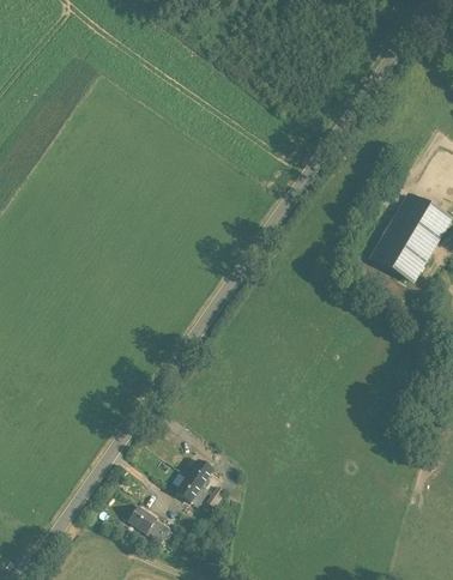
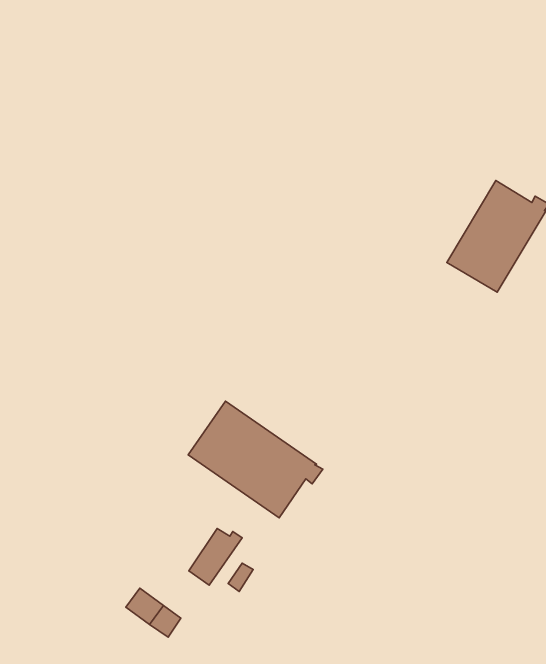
building: none -> [188,401,323,518]

